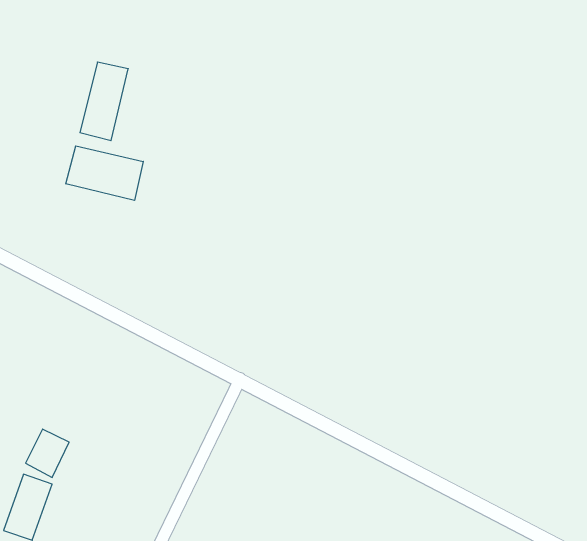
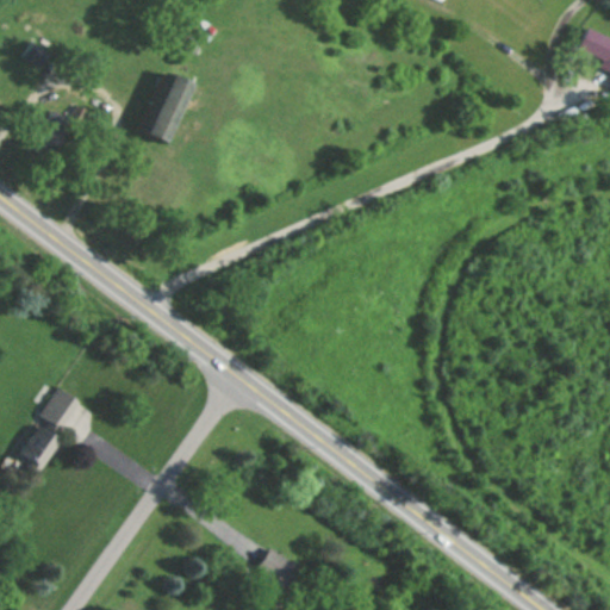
building: [66,146,143,200] -> none

